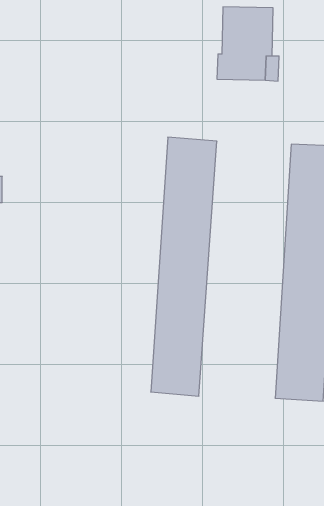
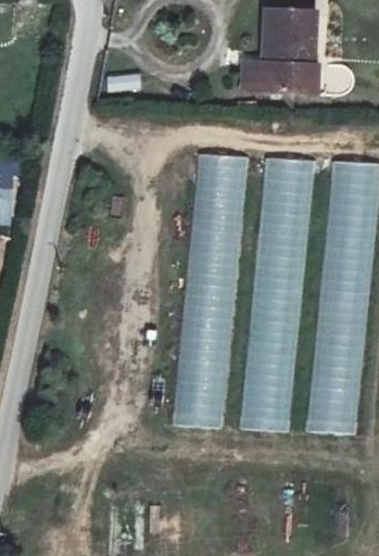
building: none -> [240,154,314,433]

